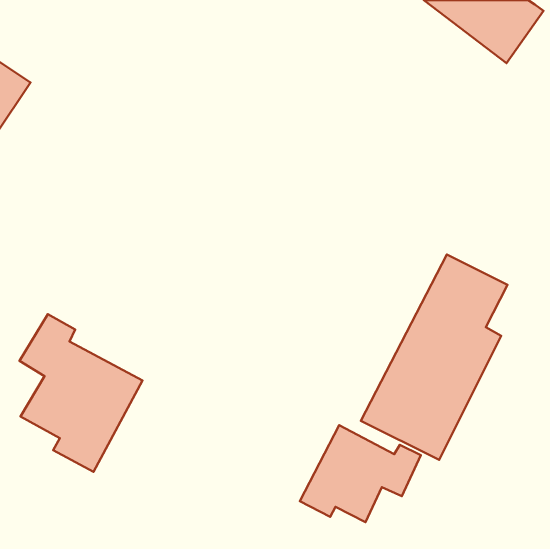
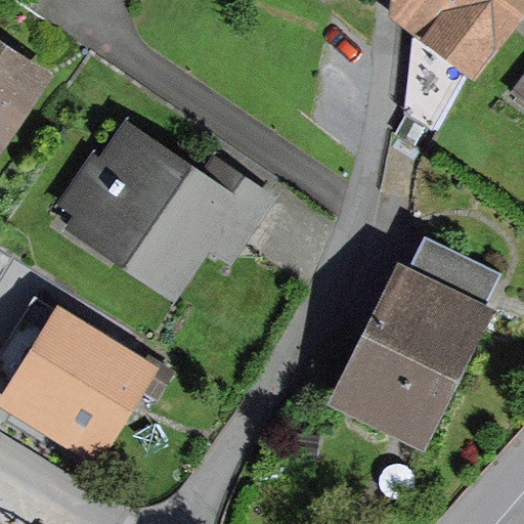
building: none -> [79,143,261,290]
building: [300,425,421,522] -> none

